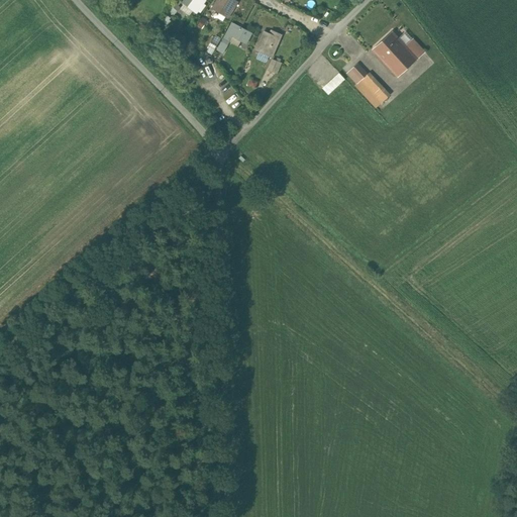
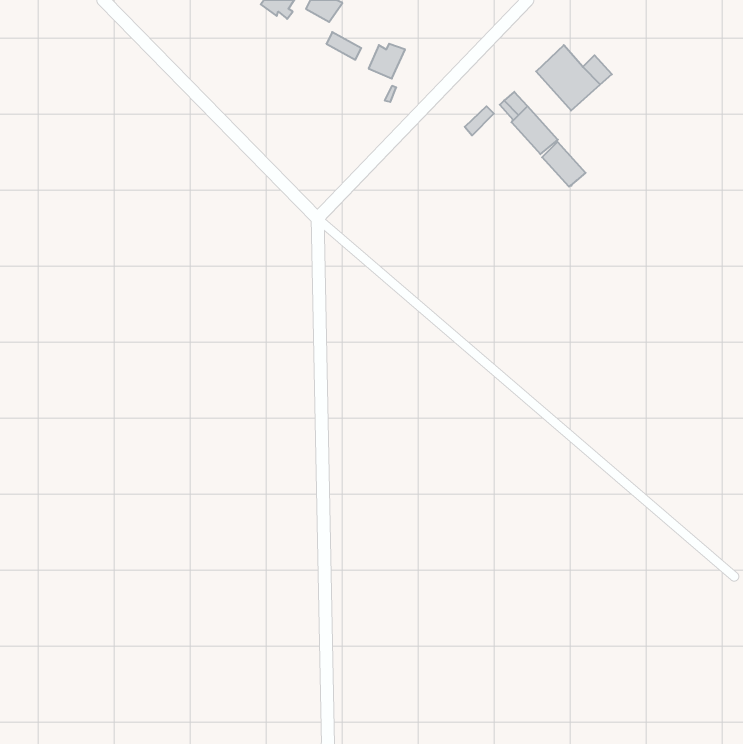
building: none -> [542,142,586,187]

